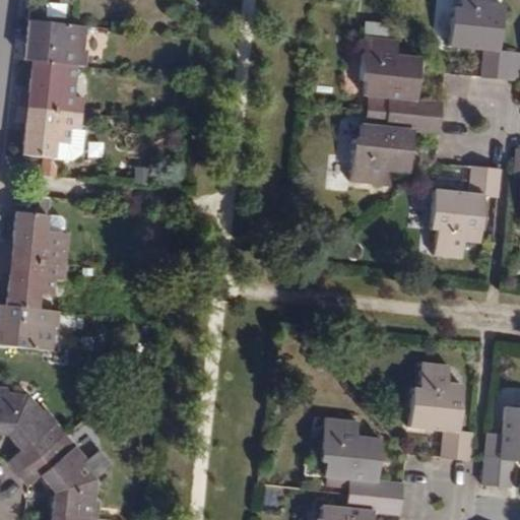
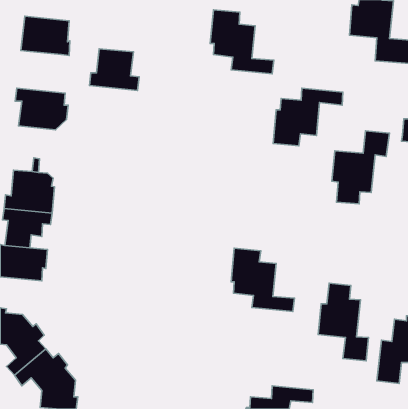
building: [359,36,439,117] -> [210,10,274,74]
building: [24,65,87,118] -> [89,49,139,90]
building: [321,413,401,494] -> [231,248,295,312]

